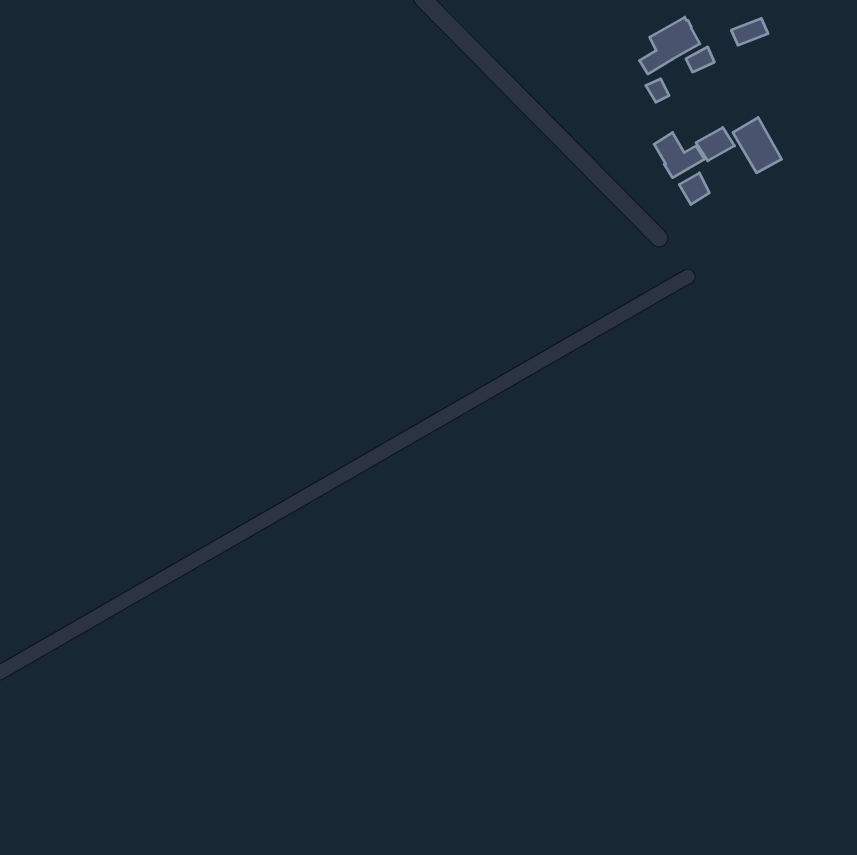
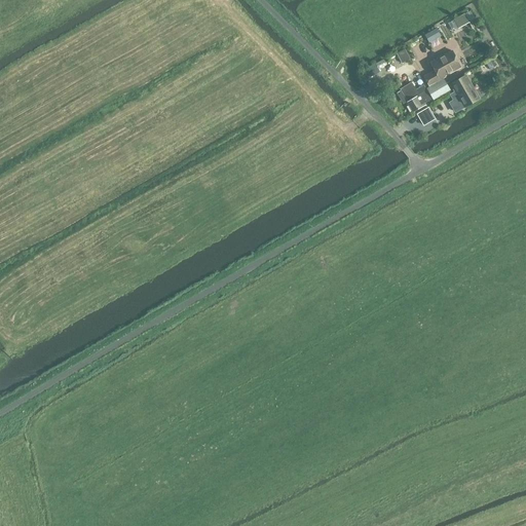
building: [639,17,700,74] -> [424,49,461,84]

